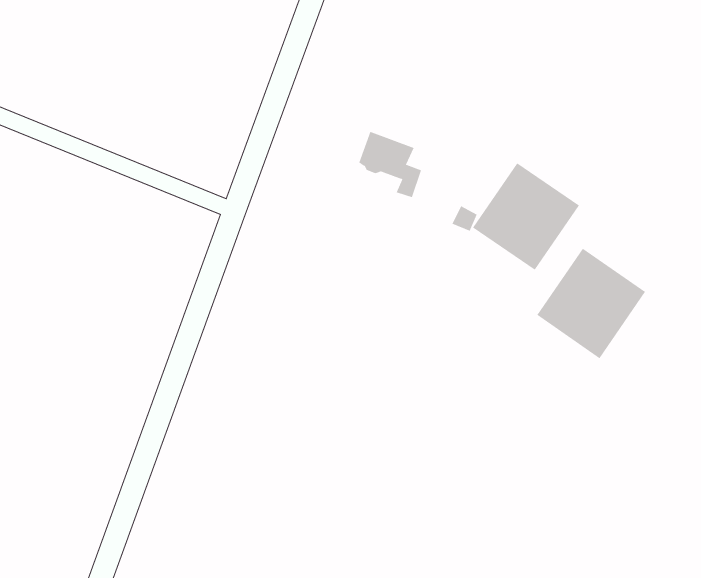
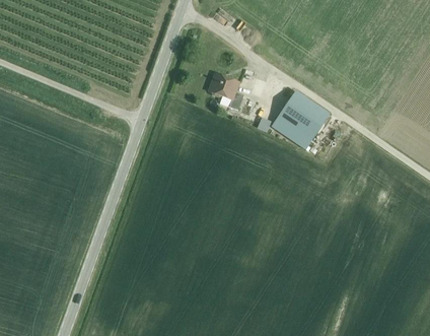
building: [537,248,646,359] -> none

